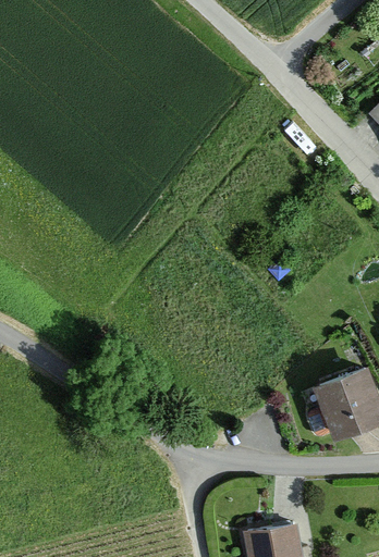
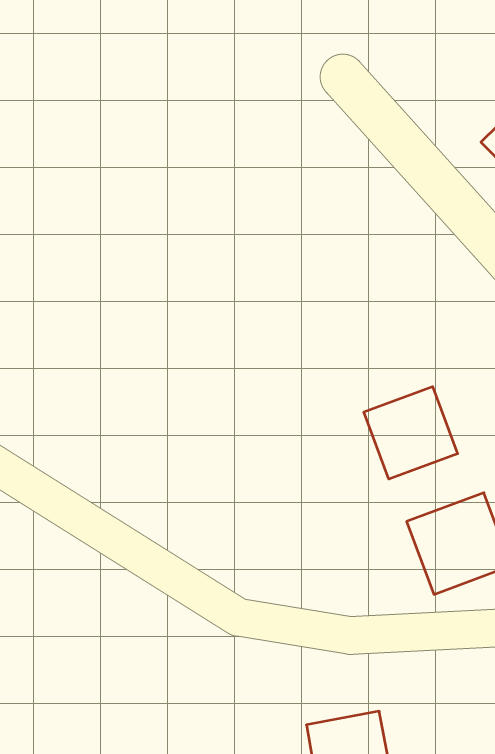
building: none -> [364,387,458,479]

